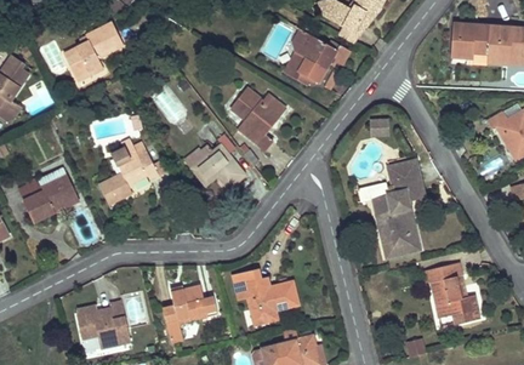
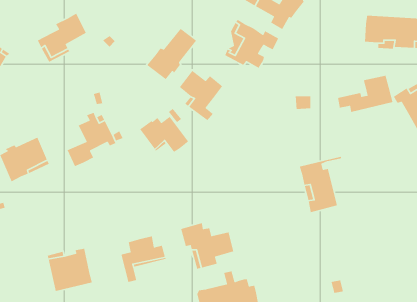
building: none -> [146,28,197,80]
building: [358,158,425,203] -> [337,75,393,113]
building: [425,261,479,323] -> none

